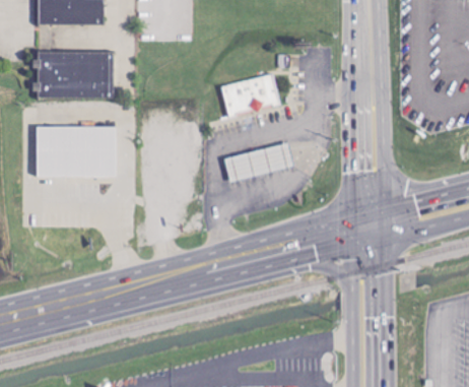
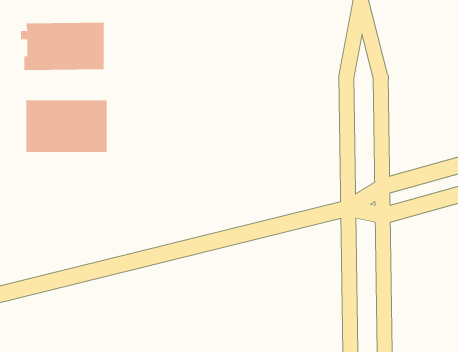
building: [220,73,279,116] -> none
building: [224,143,294,180] -> none

